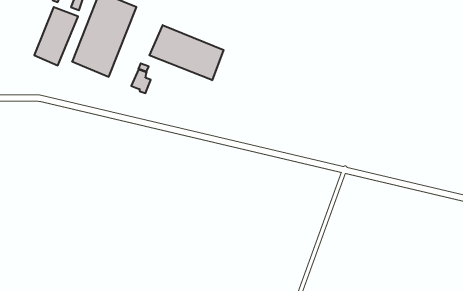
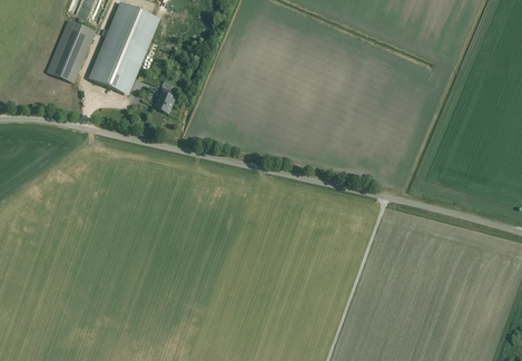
building: [149,25,224,80] -> none

